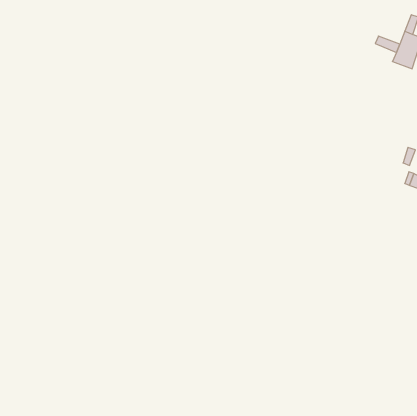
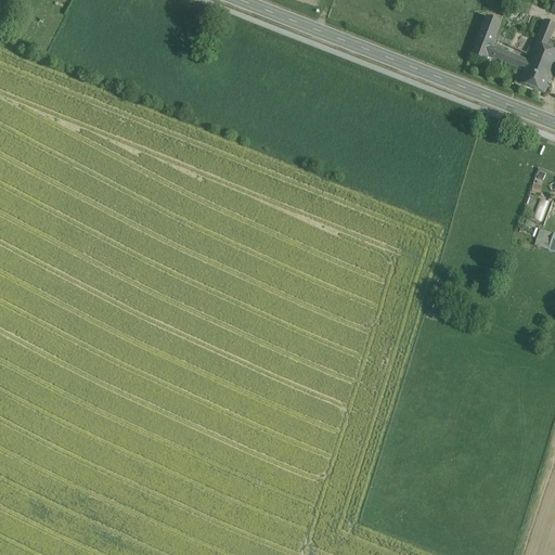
building: none -> [474,14,504,62]

